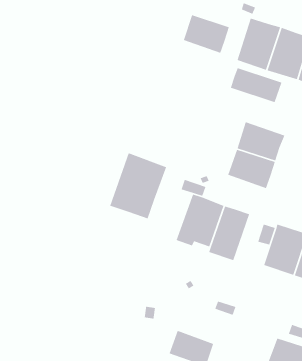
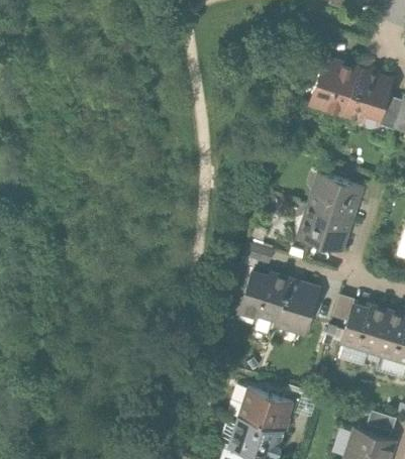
building: [183,14,230,54] -> none
building: [230,67,282,103] -> none
building: [109,152,167,219] -> none
building: none -> [237,386,293,436]

